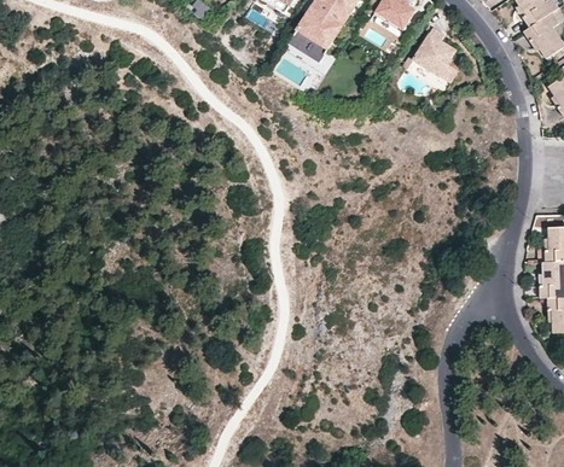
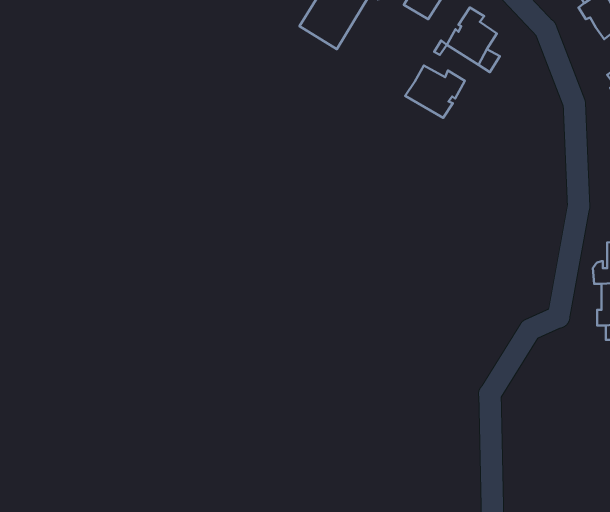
building: none -> [405,65,465,118]

